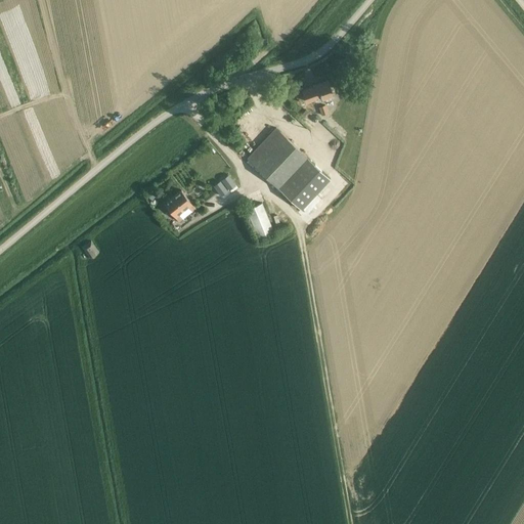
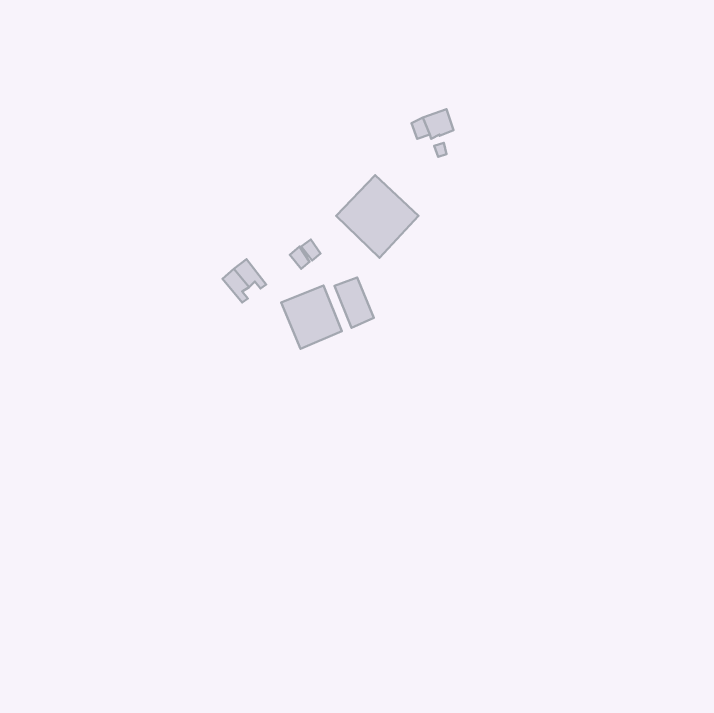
building: [277,160,329,212] -> none
building: none -> [281,286,342,349]

